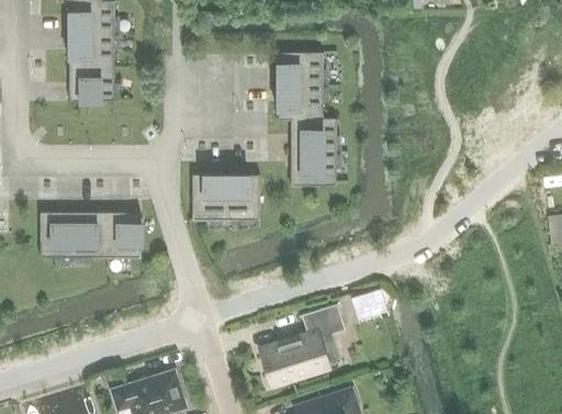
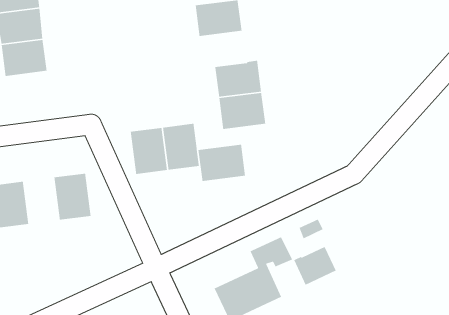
building: [277,85,323,119] -> none
building: none -> [198,144,246,182]
building: [75,211,106,257] -> none
building: none -> [293,246,337,286]

